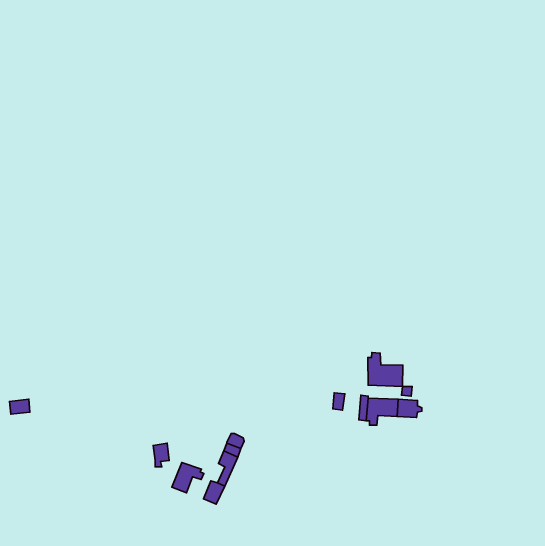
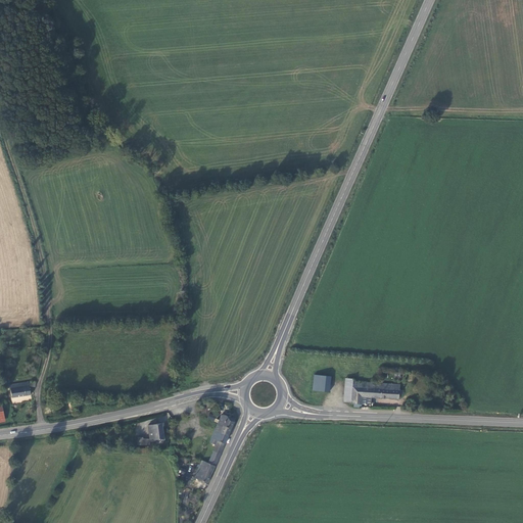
building: [368,352,403,386] -> none
building: [172,462,204,493] -> none

